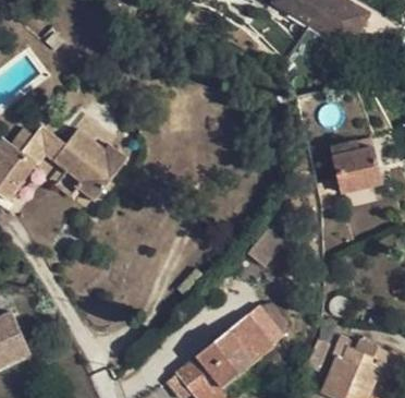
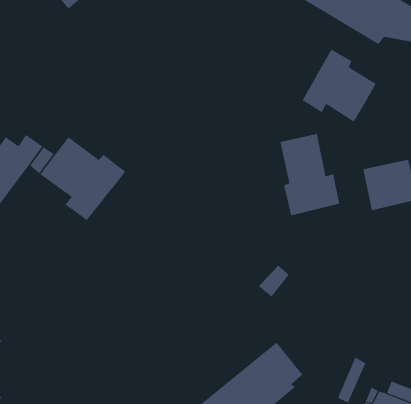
building: none -> [302,49,377,123]
building: none -> [280,133,340,216]

